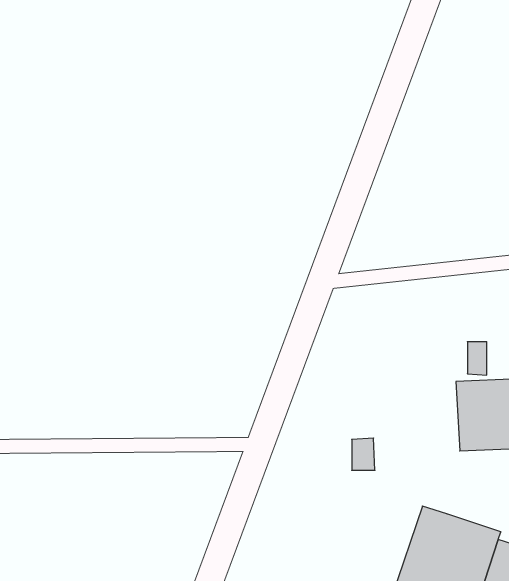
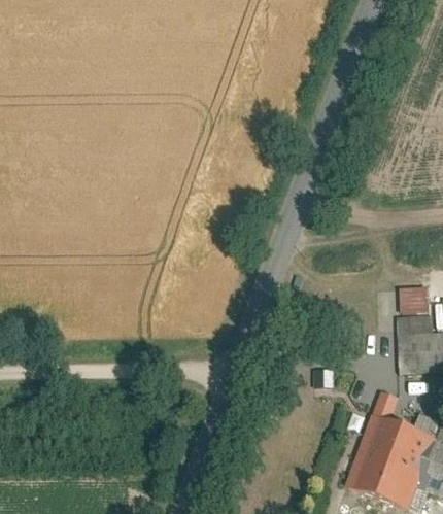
building: none -> [371,387,400,419]

